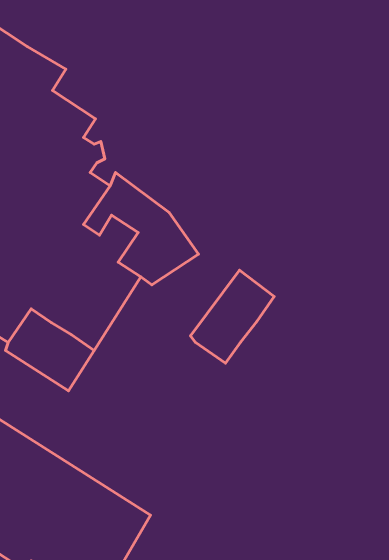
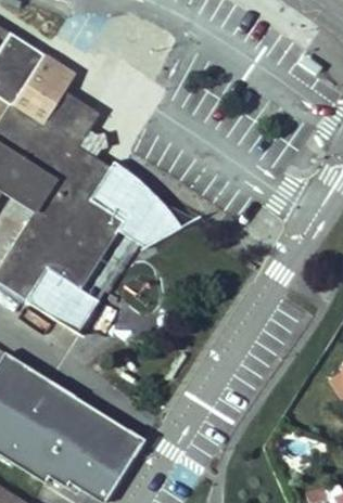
building: [190,270,274,363] -> none

